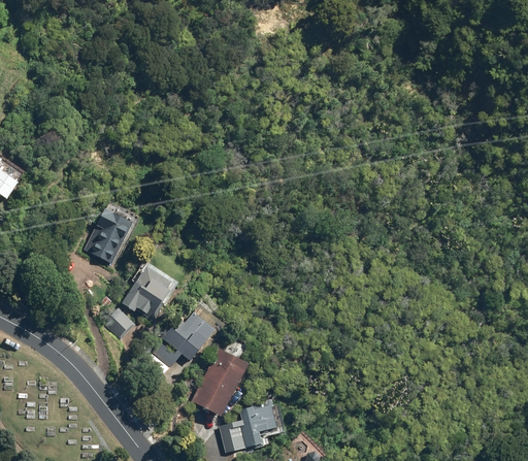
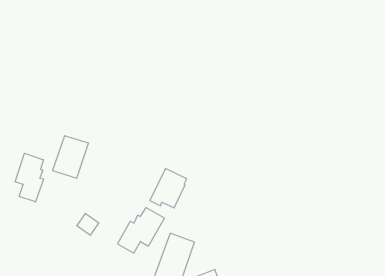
building: none -> [15,153,43,202]
building: [123,266,172,317] -> [150,168,187,208]

